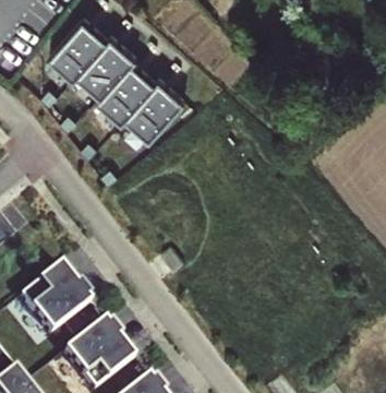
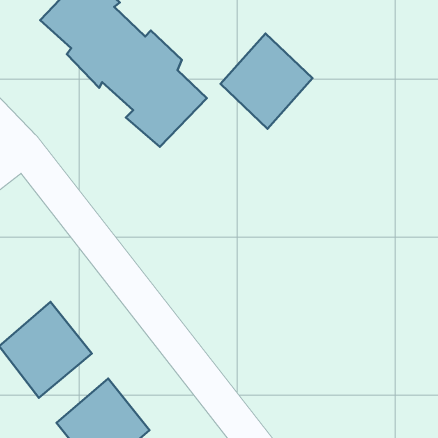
building: none -> [221,34,313,129]

